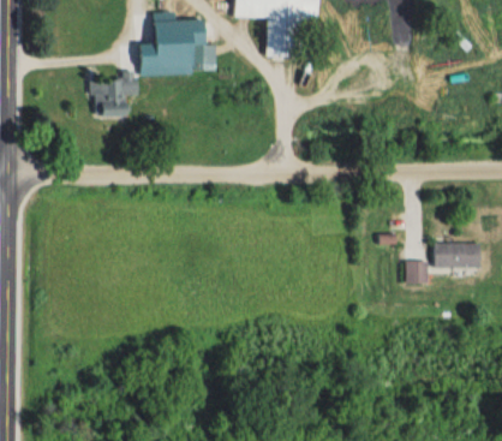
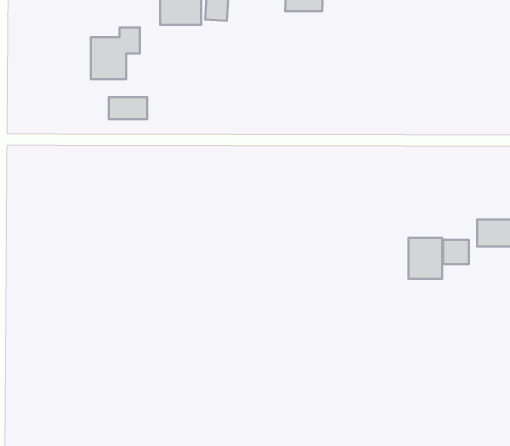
building: none -> [109,97,147,119]
building: none -> [409,238,442,279]

